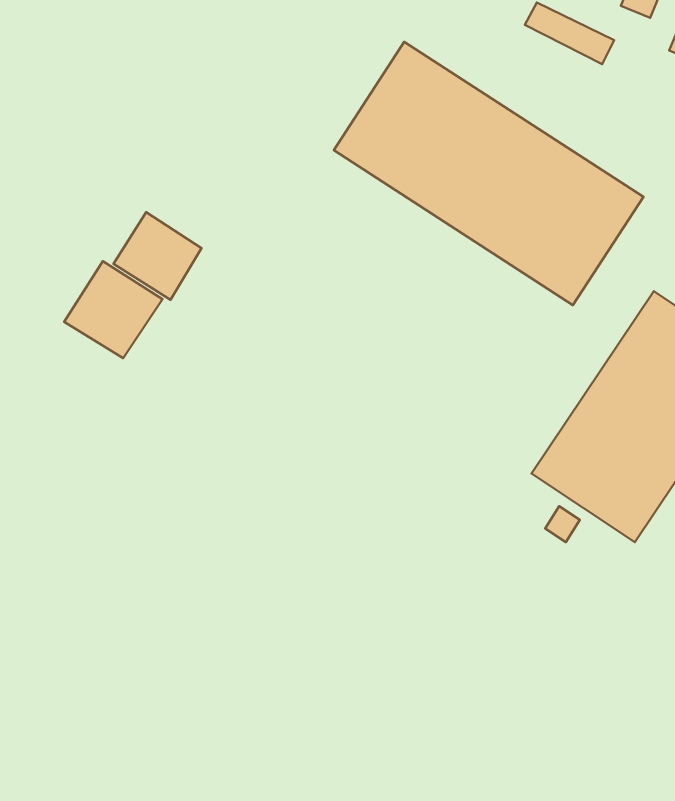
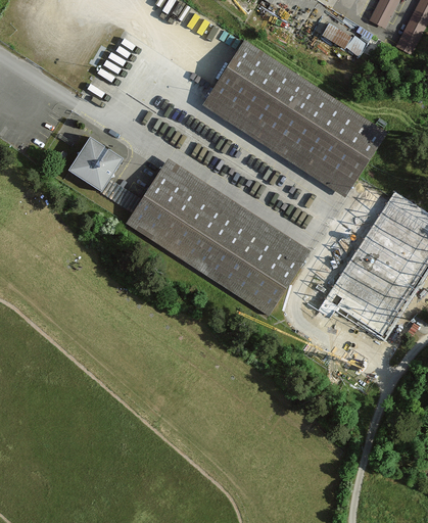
building: none -> [130,159,312,317]
building: [64,261,163,358] -> none

